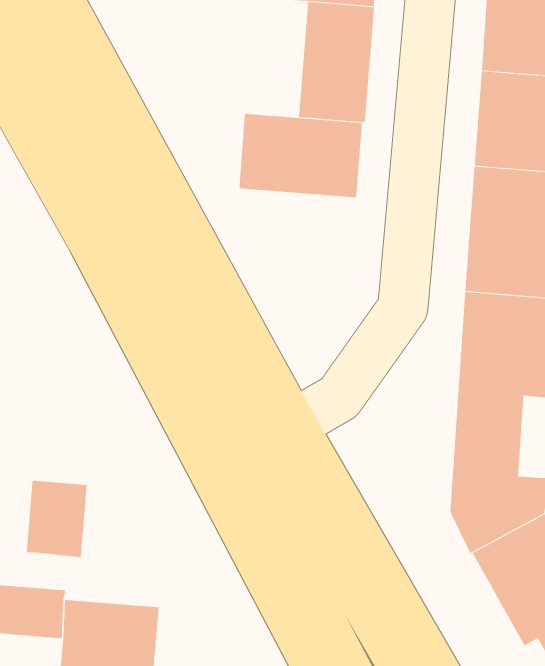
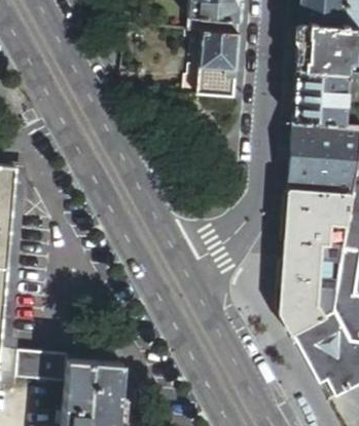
building: [239,113,362,198] -> none
building: [26,480,87,558] -> none

